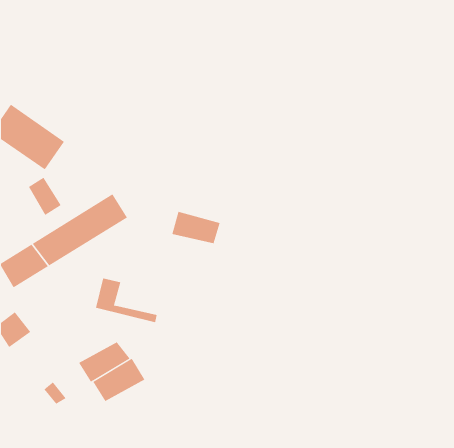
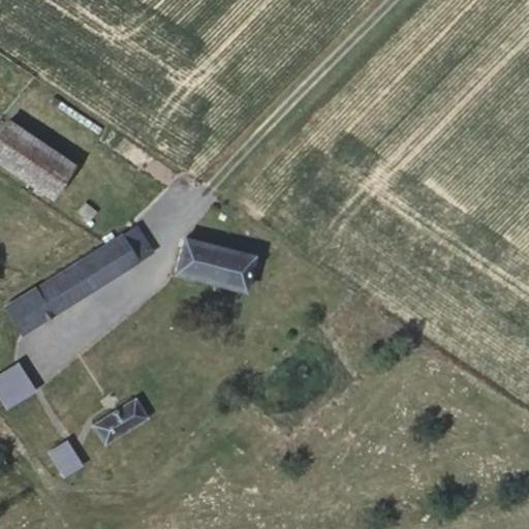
building: [28,177,62,216] -> none
building: [95,278,158,323] -> [177,241,249,293]
building: [92,358,145,402] -> none

